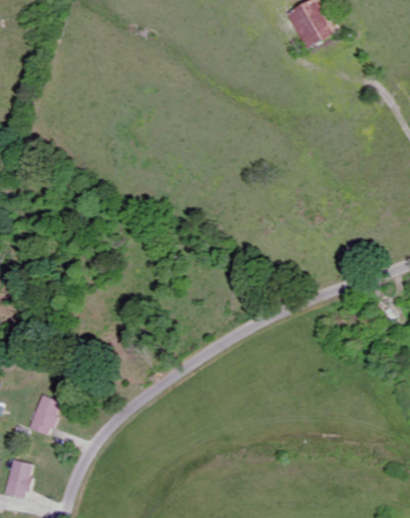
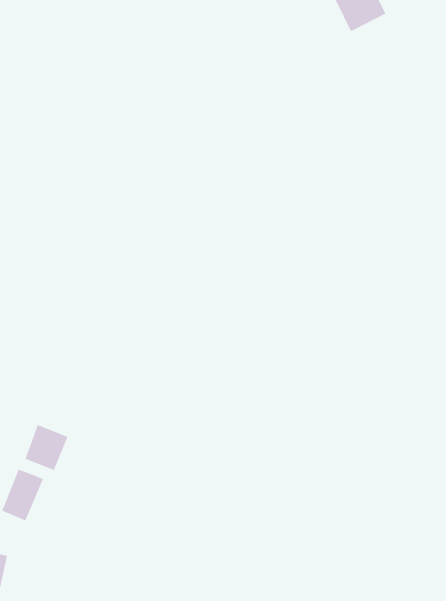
building: none -> [25,424,68,471]

